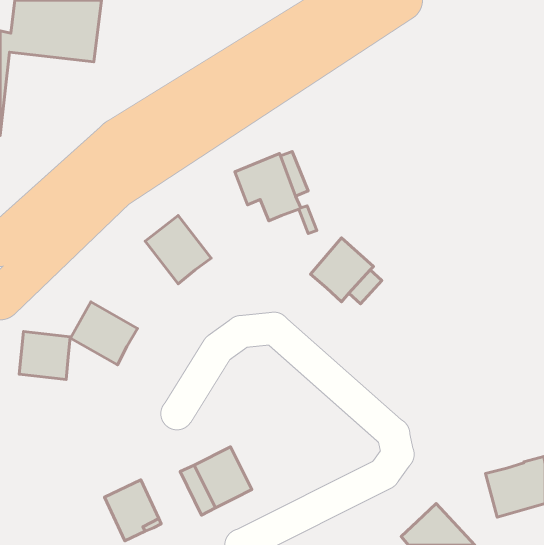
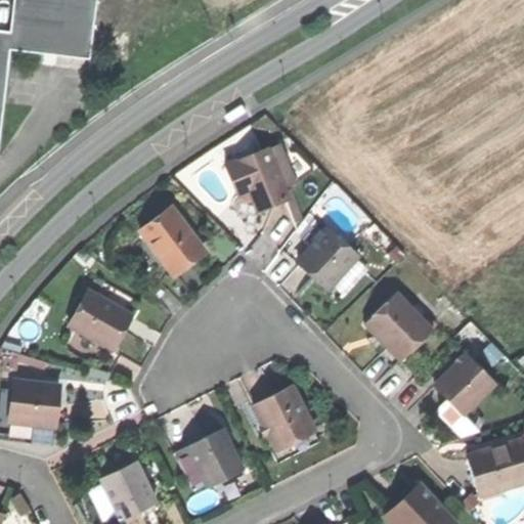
building: none -> [365,293,434,361]
building: [19,331,70,379] -> [10,380,59,426]
building: none -> [435,355,495,423]
building: none -> [254,387,314,448]

